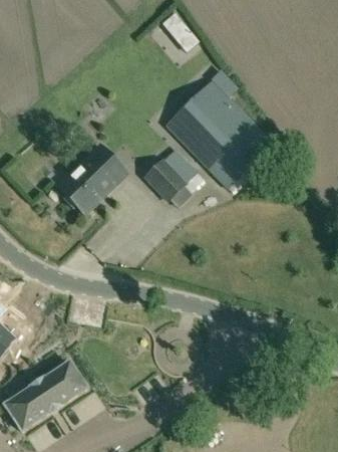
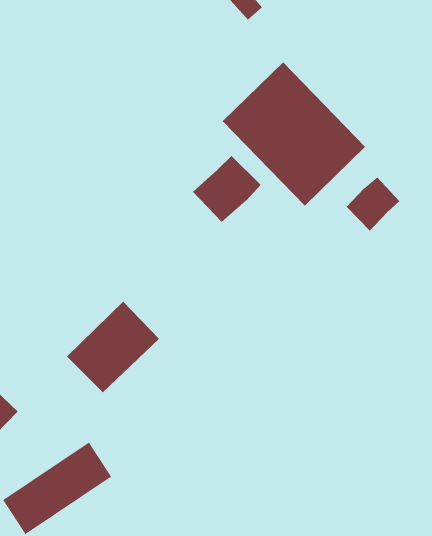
building: [57,145,126,213] -> [66,301,160,393]
building: none -> [346,176,400,231]

